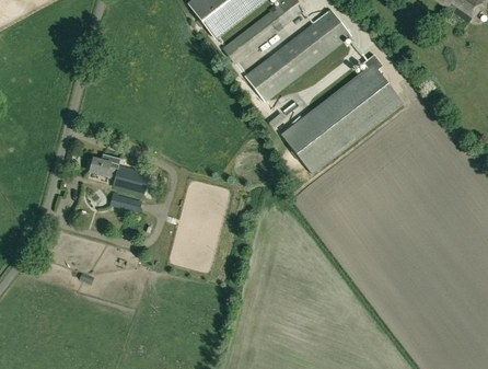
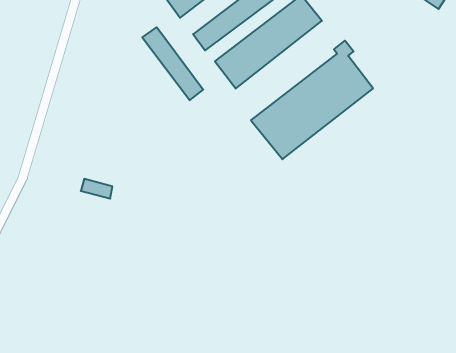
building: none -> [142,27,203,100]
building: [90,153,149,194] -> none

